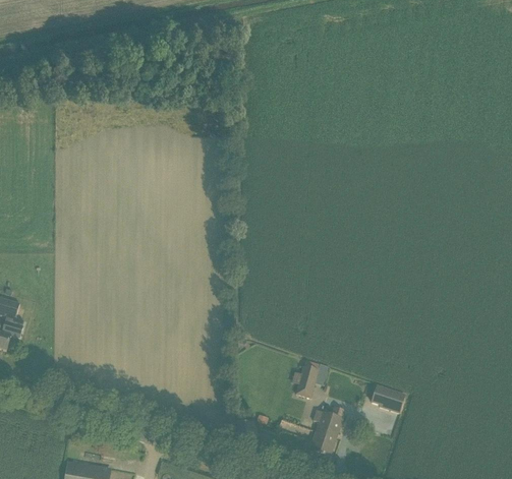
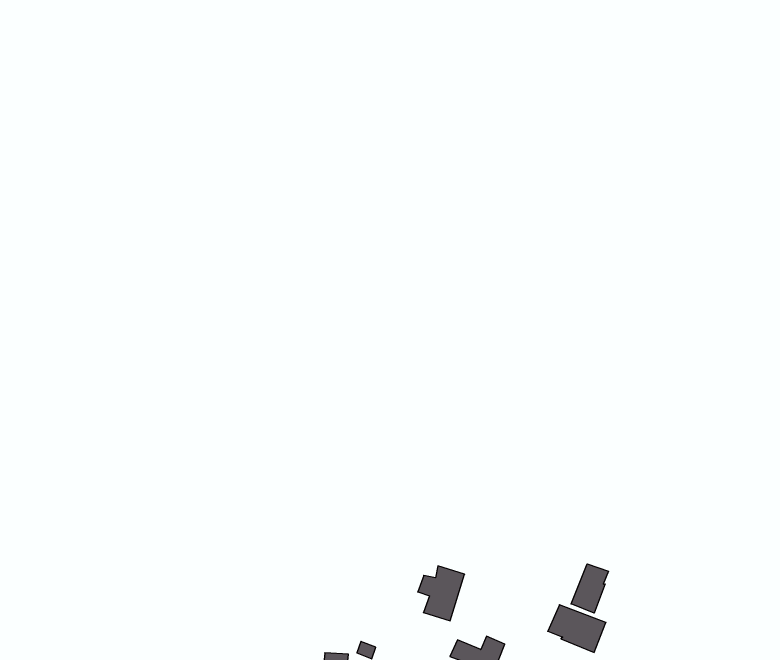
building: none -> [571,564,608,613]

